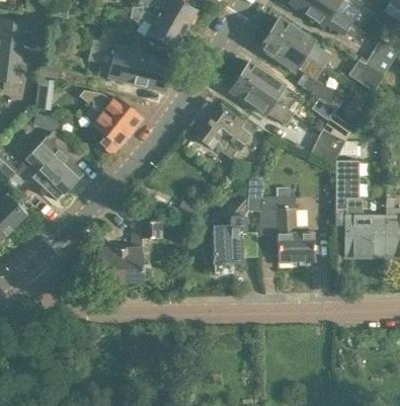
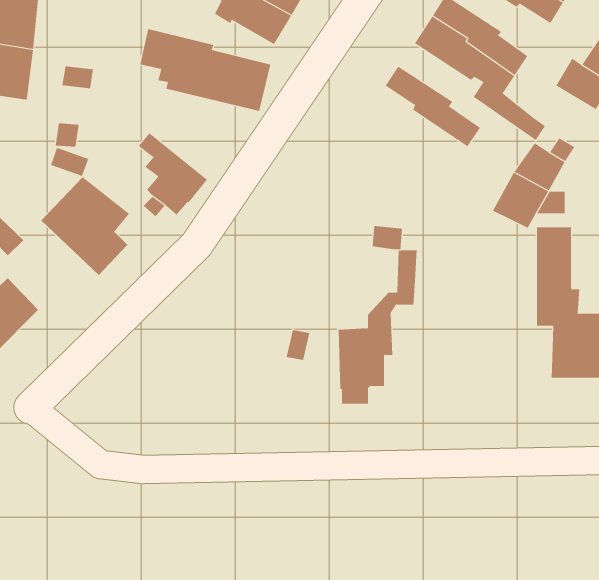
building: [230,74,293,125] -> none
building: [78,90,142,133] -> none
building: [196,105,253,159] -> none
building: [258,195,314,261] -> none
building: [95,221,159,281] -> none

